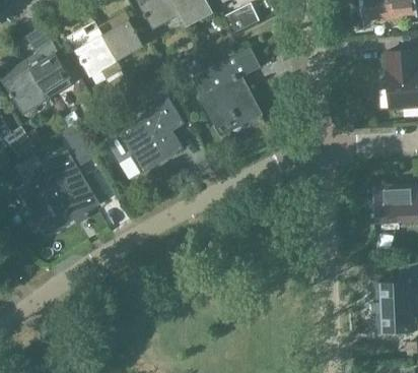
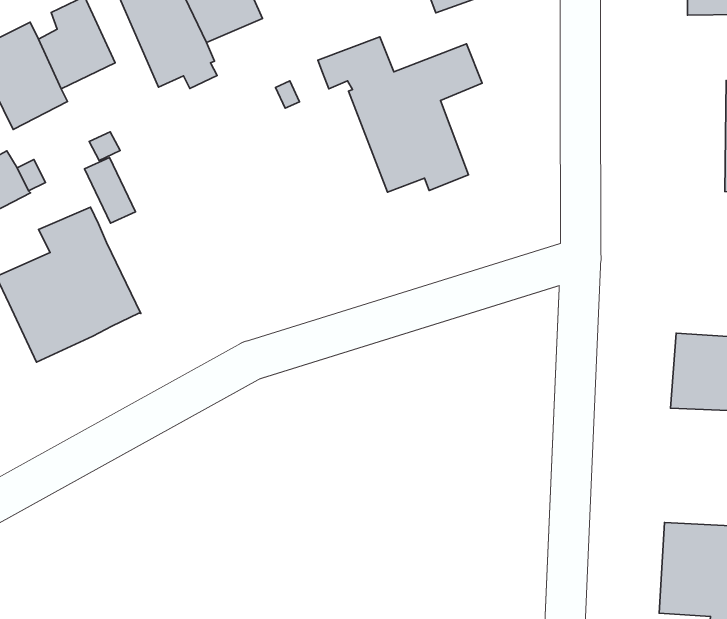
building: [102,92,184,176] -> none

